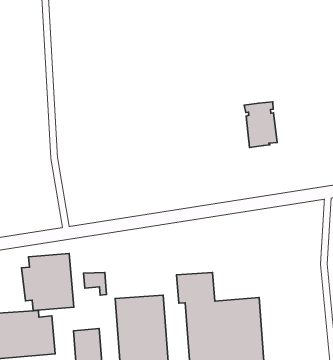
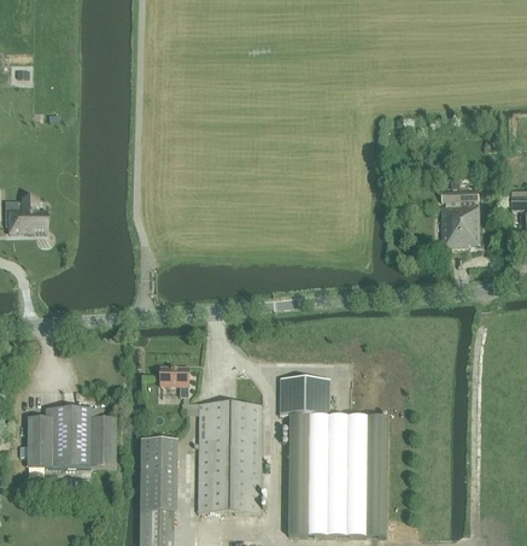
building: [244,102,277,148] -> [440,190,479,247]
building: [22,253,74,311] -> none

